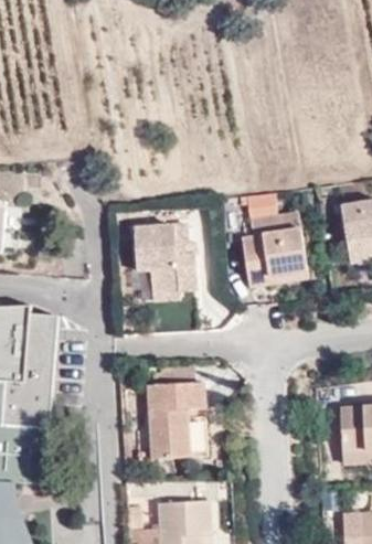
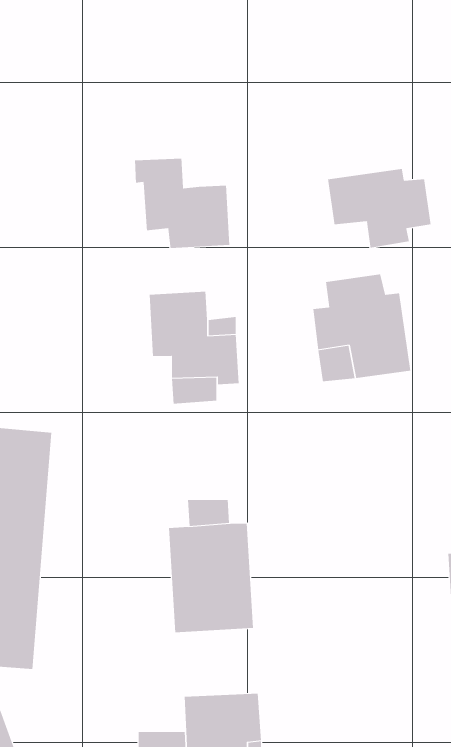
building: none -> [134,158,230,249]
building: none -> [327,168,431,248]

